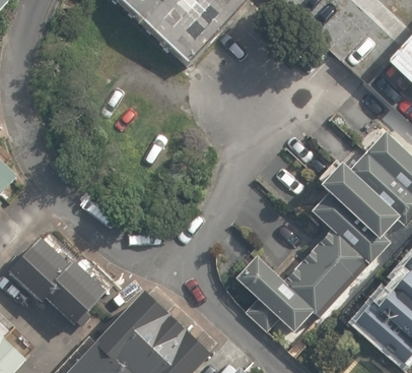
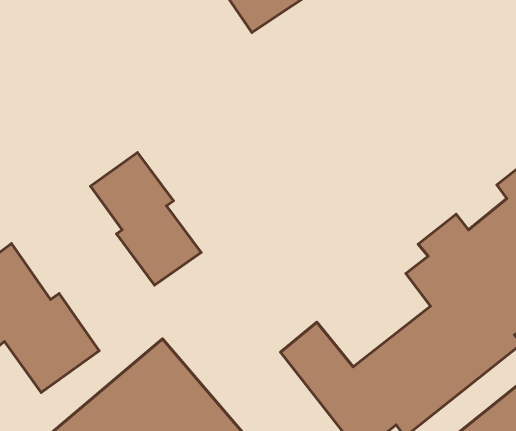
building: none -> [91,152,201,285]

